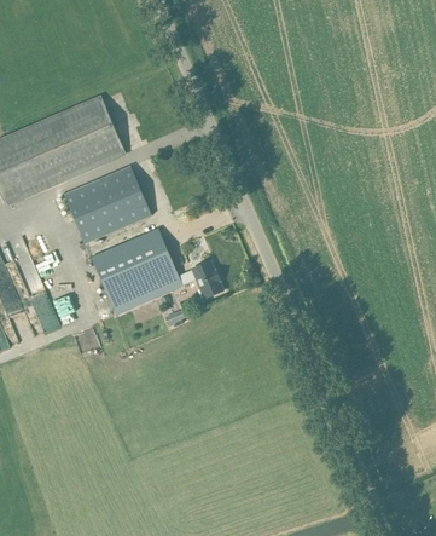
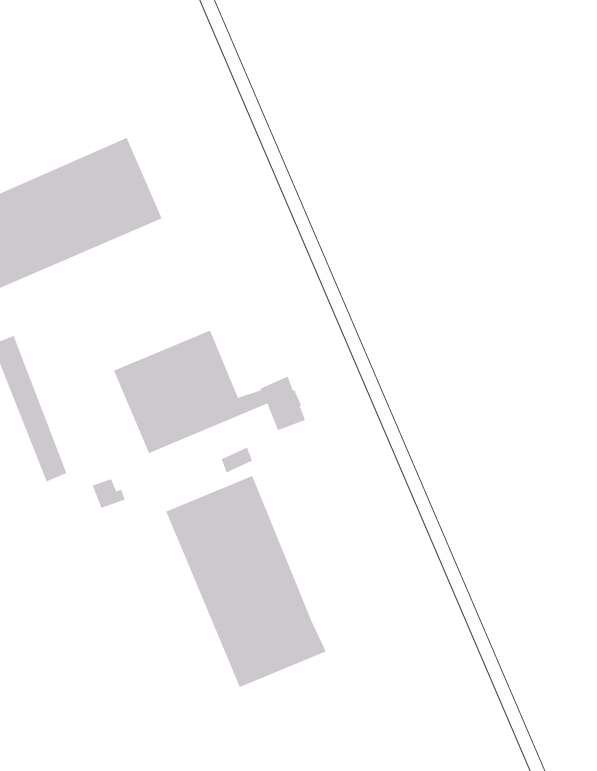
building: [63,165,151,242] -> none
building: none -> [166,475,326,688]

